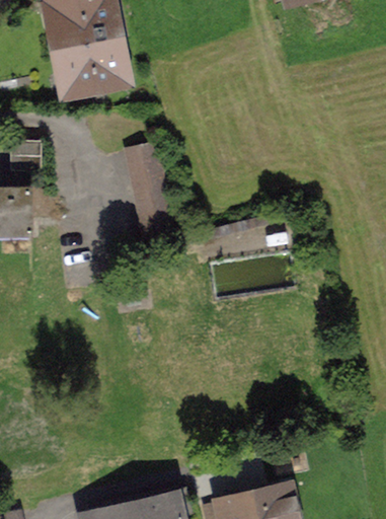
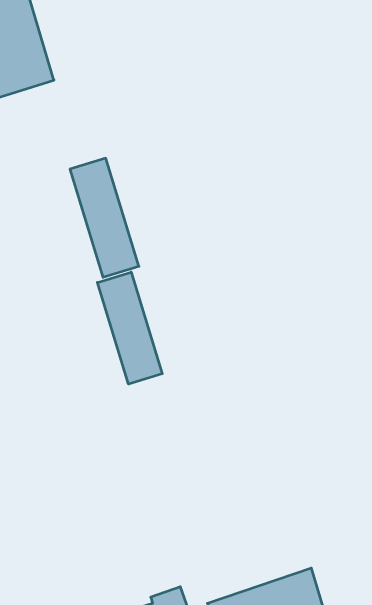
building: none -> [97,272,162,384]

